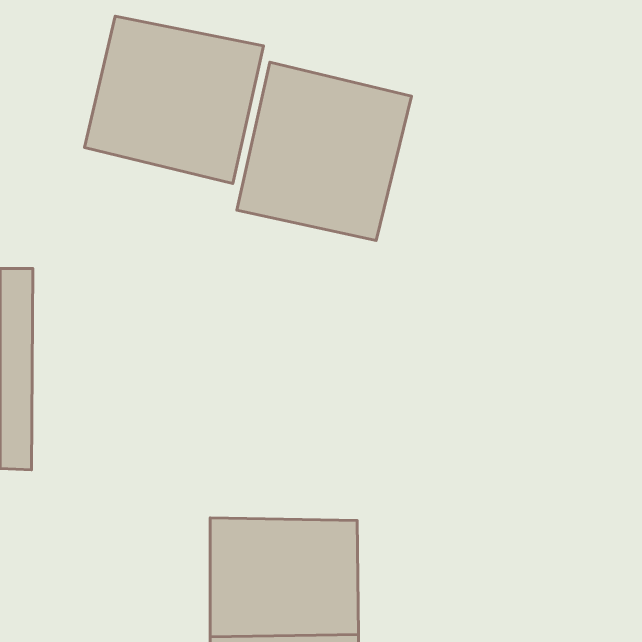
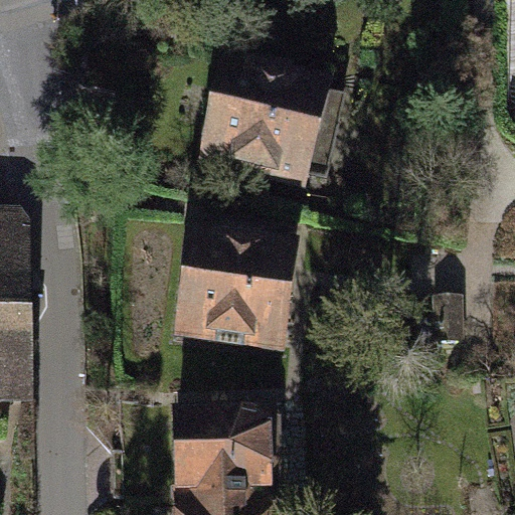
building: [85,16,263,184] -> none
building: none -> [170,221,297,359]

